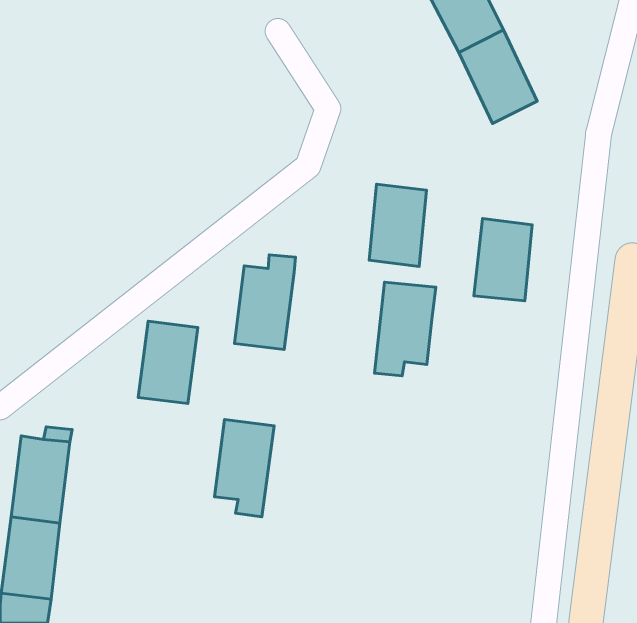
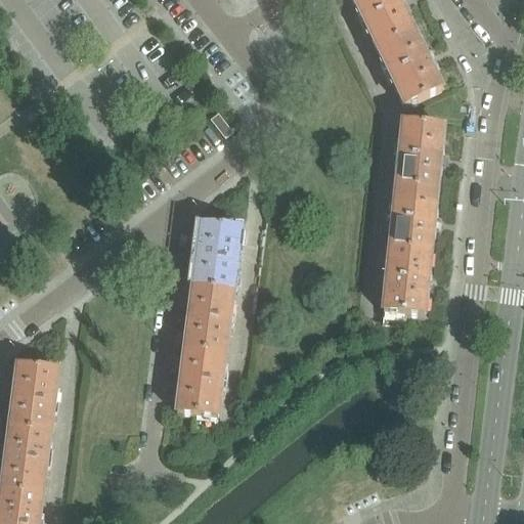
building: [369,184,427,266] -> [396,117,443,184]
building: [375,282,436,376] -> [381,243,431,319]
building: [138,321,198,404] -> [184,281,233,349]

